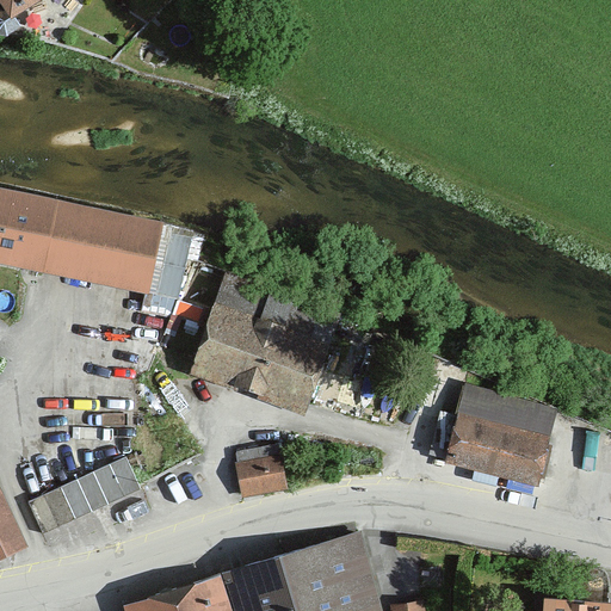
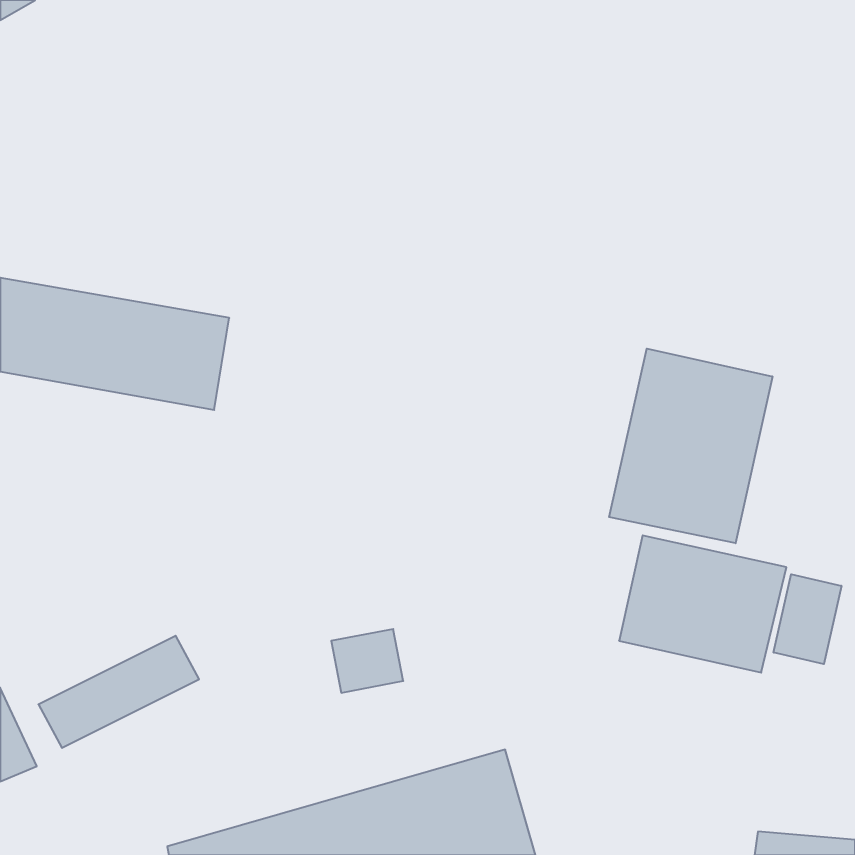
building: none -> [609,349,772,543]
building: [190,270,339,411] -> none
building: none -> [774,574,841,664]

